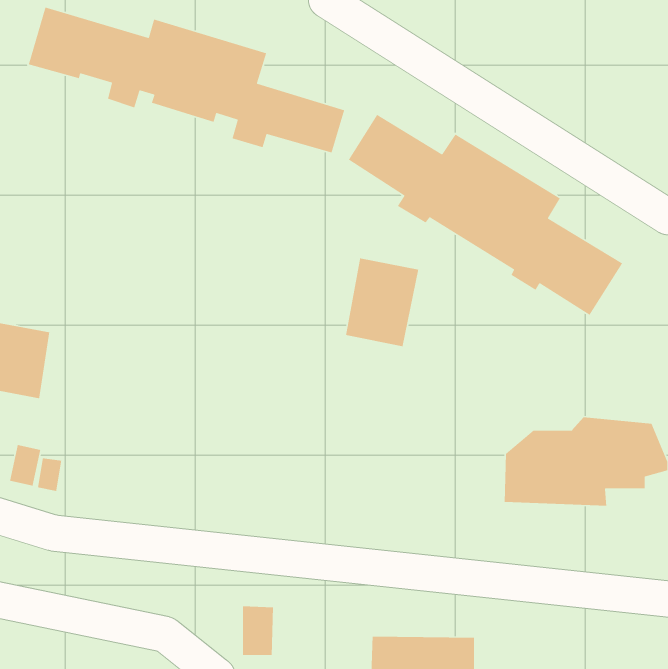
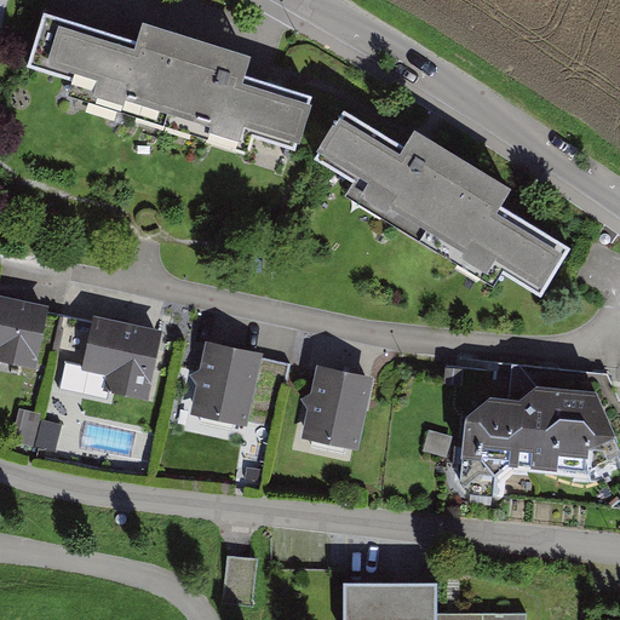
building: [345,257,419,347] -> [300,368,368,450]
building: none -> [79,321,159,403]
building: none -> [189,348,257,427]

